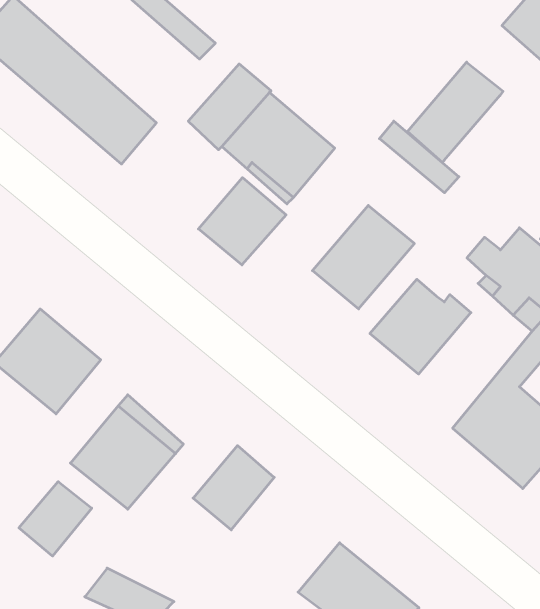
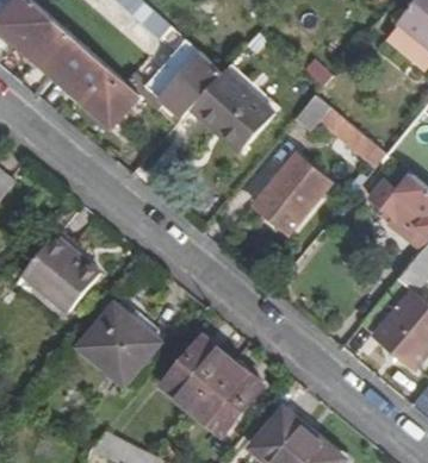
building: [407,62,503,163] -> none
building: [198,178,286,265] -> none
building: [370,279,471,374] -> none
building: none -> [194,361,255,424]
building: [19,482,92,556] -> none

